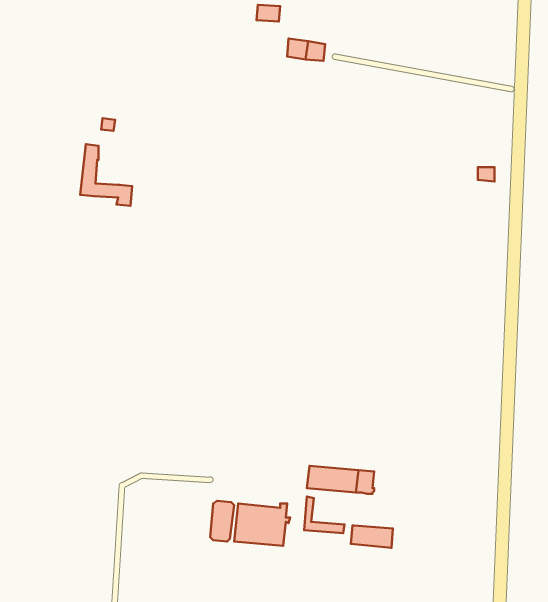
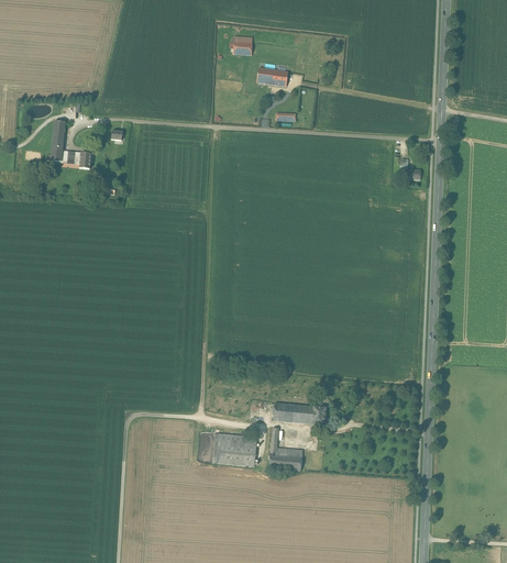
building: [80,144,132,206] -> [51,120,91,168]
building: [351,526,393,548] -> [268,453,301,471]

